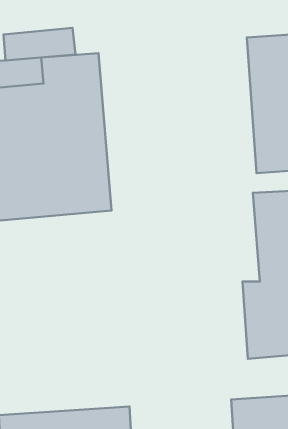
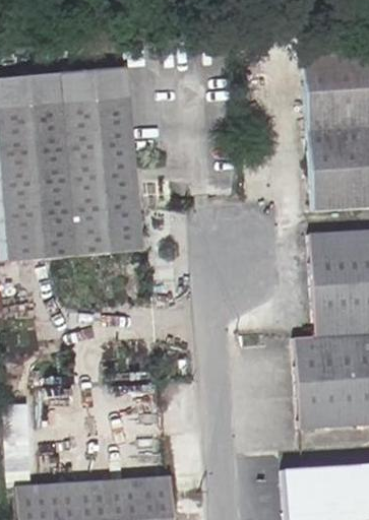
building: [3,28,75,60] -> none

